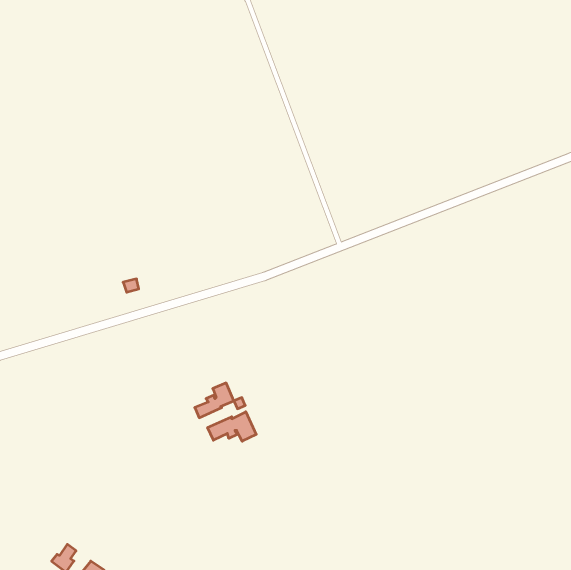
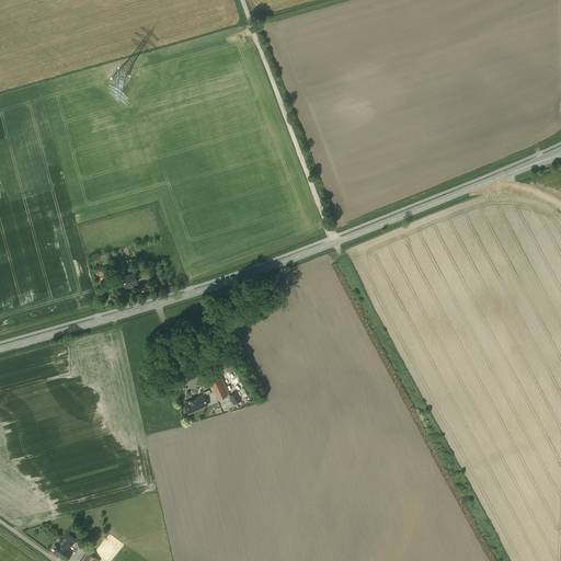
building: [208,412,256,441] -> none

